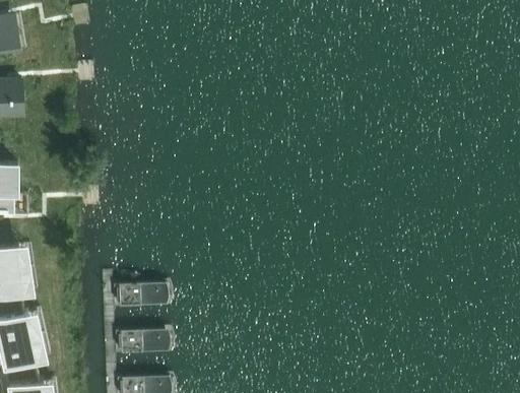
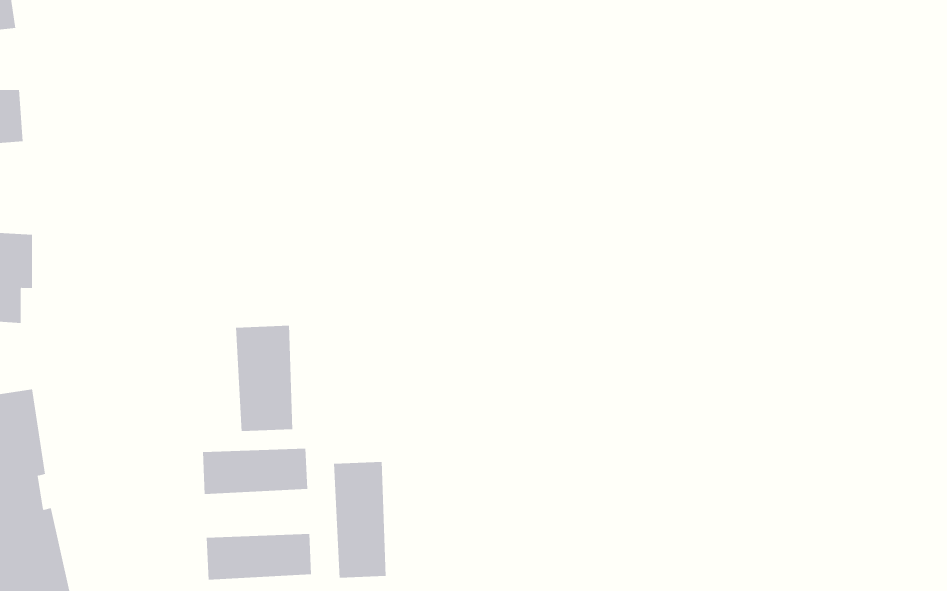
building: none -> [235,325,293,432]
building: none -> [333,461,386,579]

